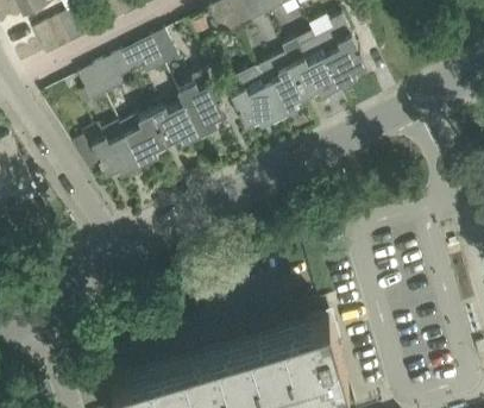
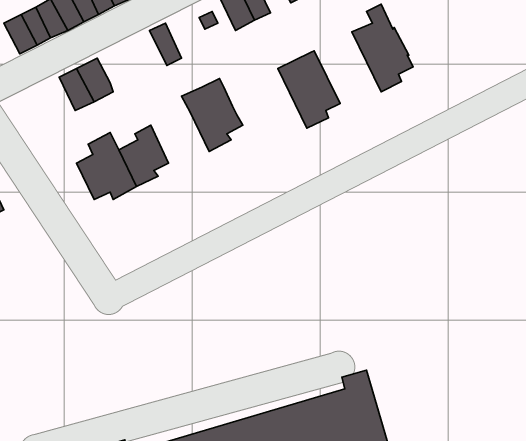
building: [132,36,165,74] -> none
building: [281,37,340,95] -> none
building: [224,67,279,125] -> none
building: [152,102,200,144] -> none

